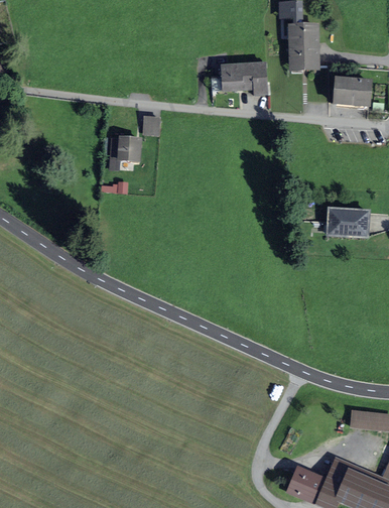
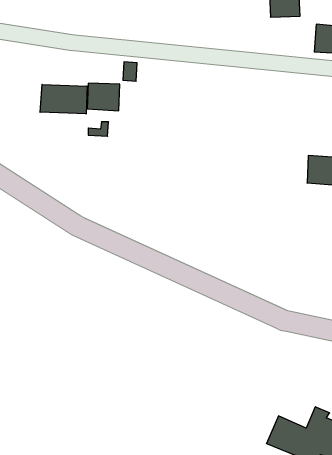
building: [222,61,267,94] -> none
building: none -> [40,84,87,114]

